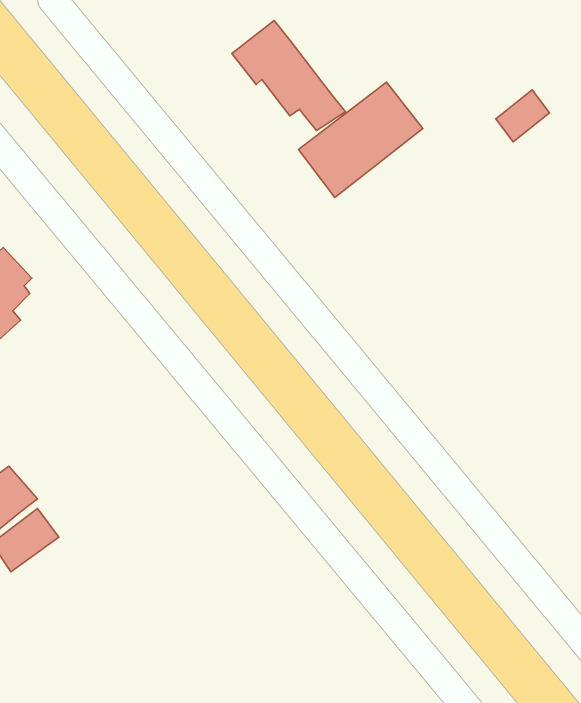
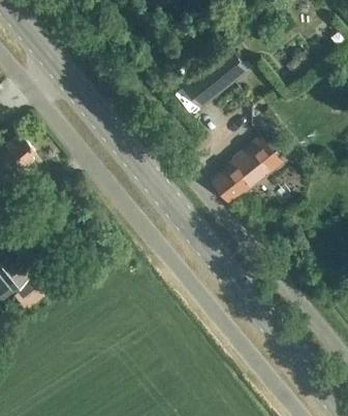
building: [232,20,345,130] -> none
building: none -> [211,137,283,202]

